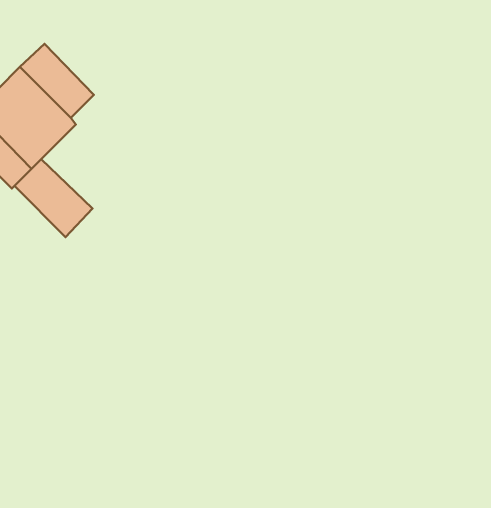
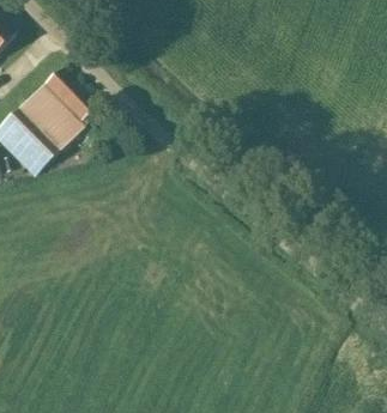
building: [14,159,92,237] -> none

